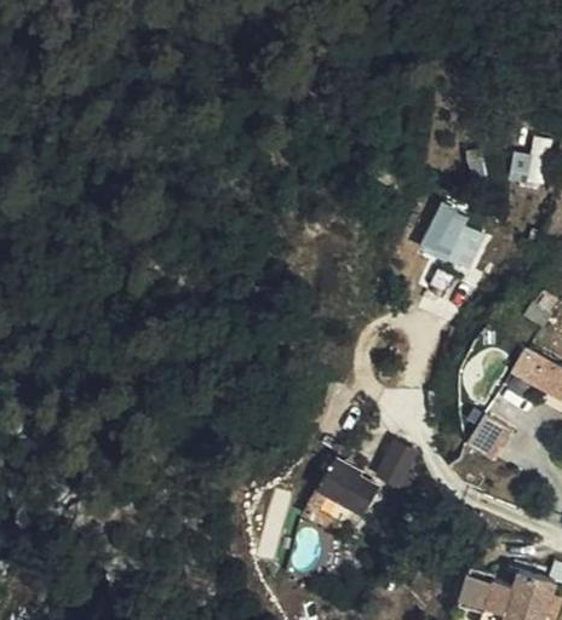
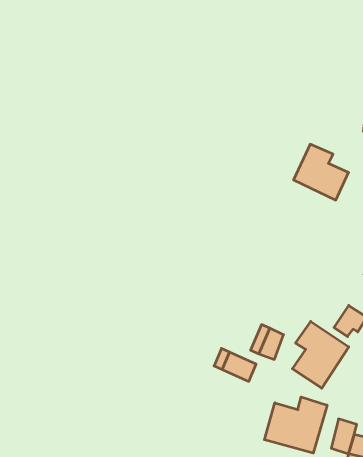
building: none -> [292,321,349,388]
building: none -> [264,397,327,453]

